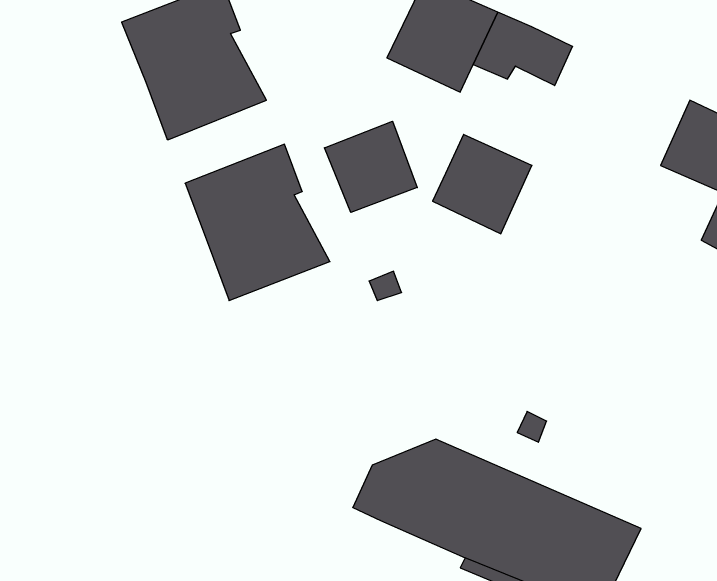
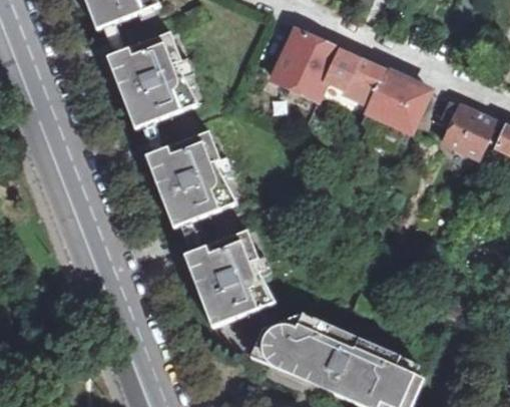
building: [324,121,417,212] -> none
building: [433,134,532,234] -> [366,71,427,132]
building: none -> [184,230,274,326]

